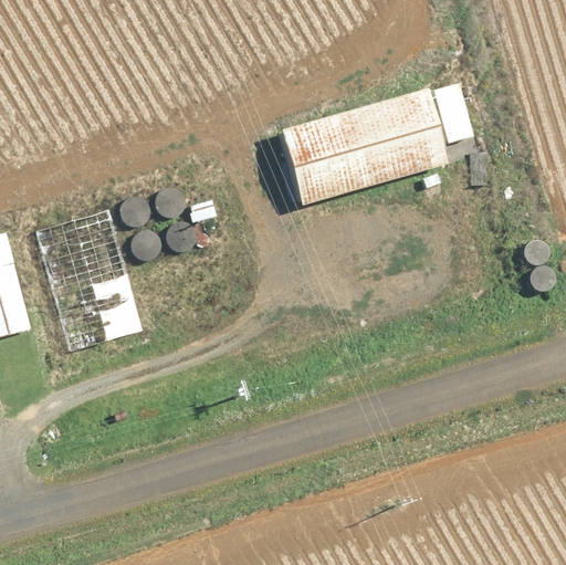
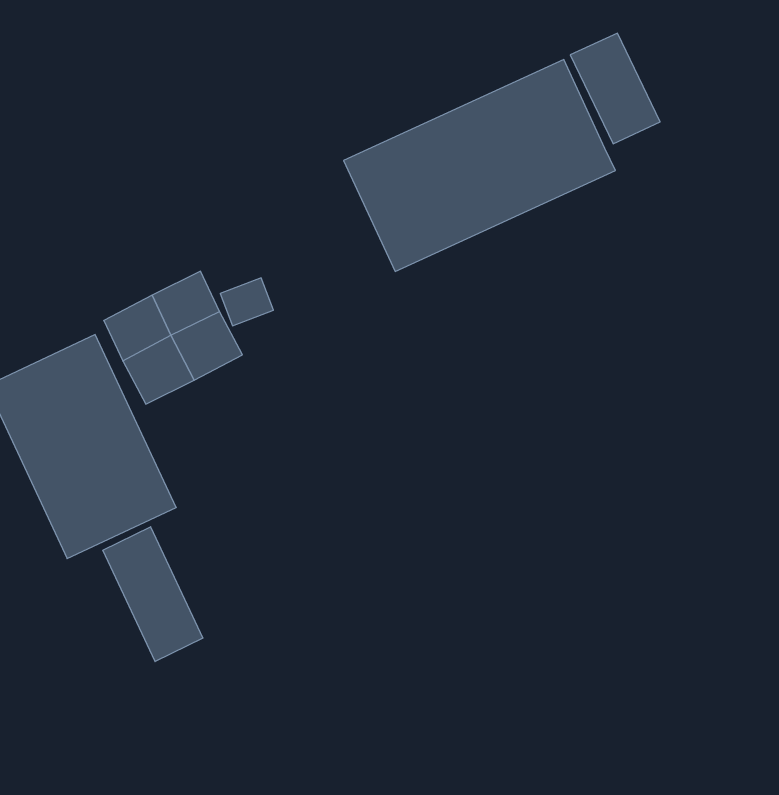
building: none -> [103,527,203,662]

